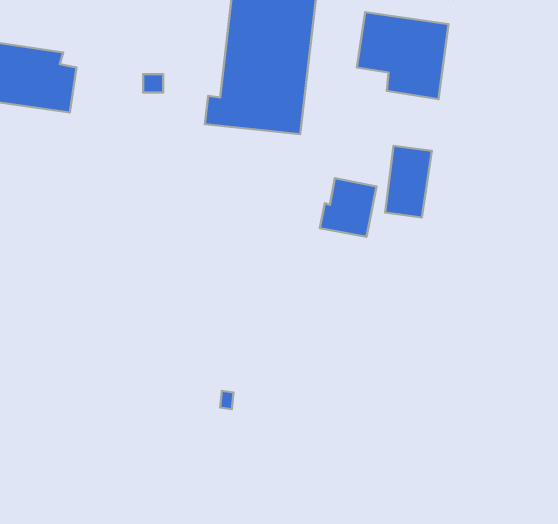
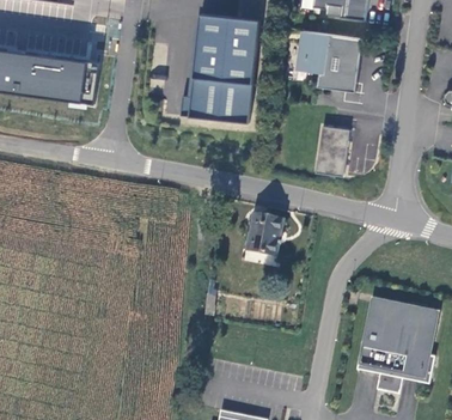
building: [320,178,377,237] -> [240,213,281,255]
building: none -> [355,298,435,392]

